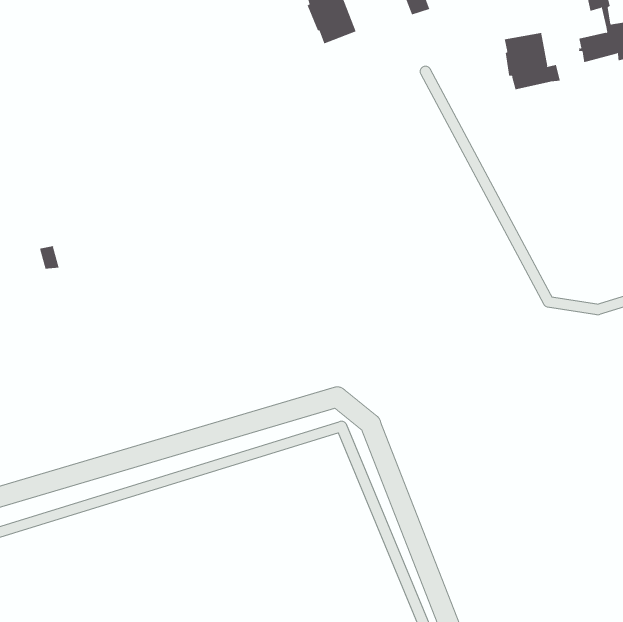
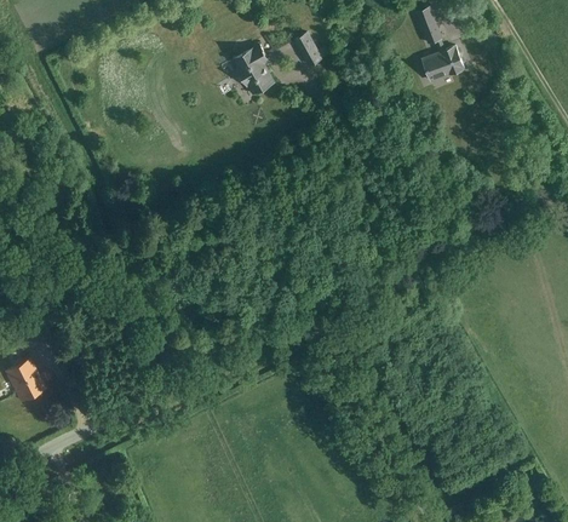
building: [504,32,561,90] -> none

